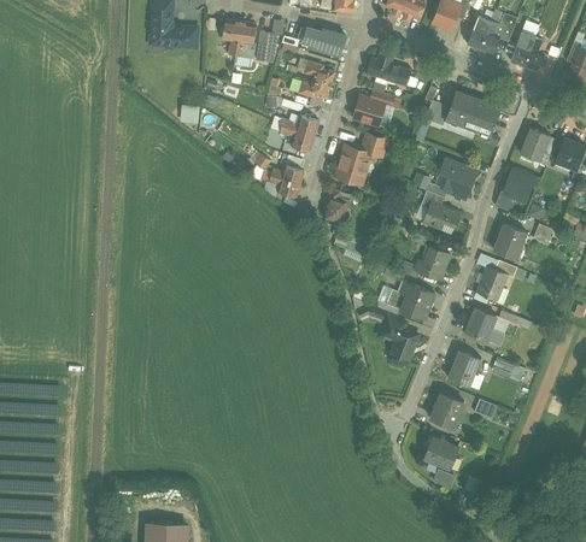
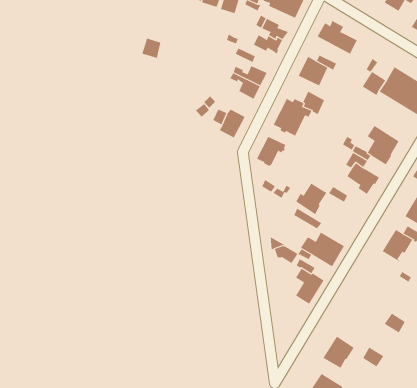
building: [417,247,451,281] -> [296,183,328,215]
building: [467,307,505,346] -> none
building: [449,349,481,387] -> none

